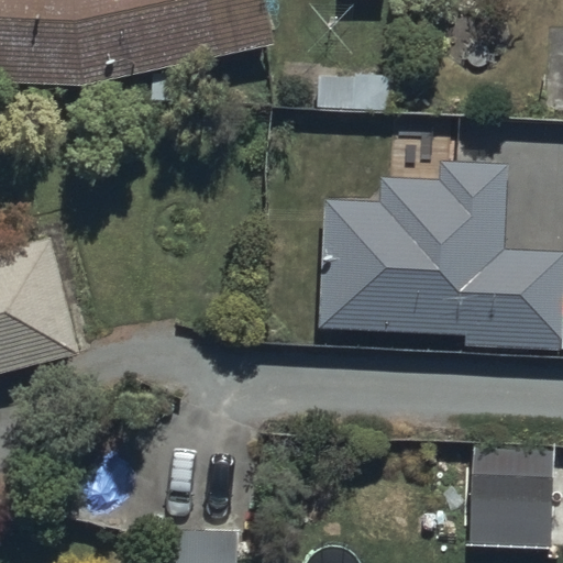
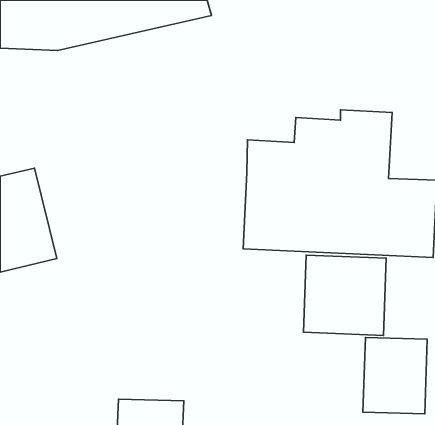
building: none -> [303,255,386,335]

